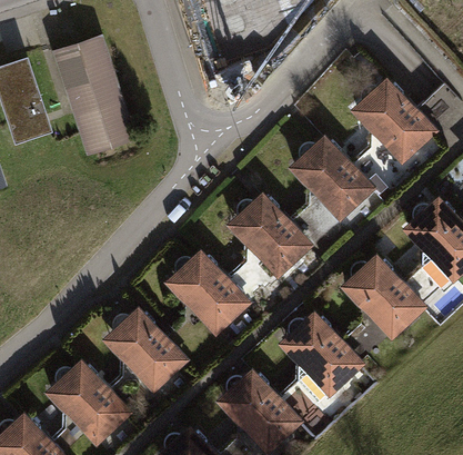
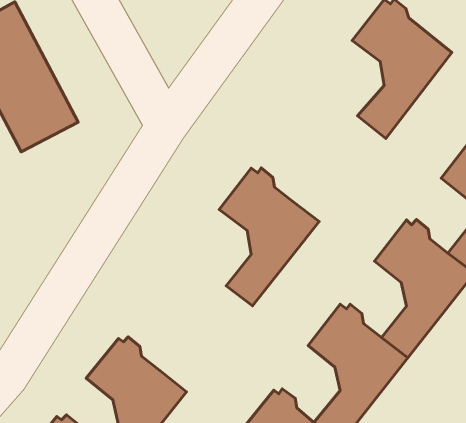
building: [290,140,370,246] -> none
building: [165,253,245,360] -> none

